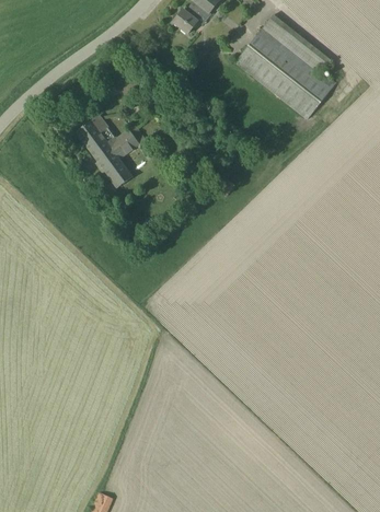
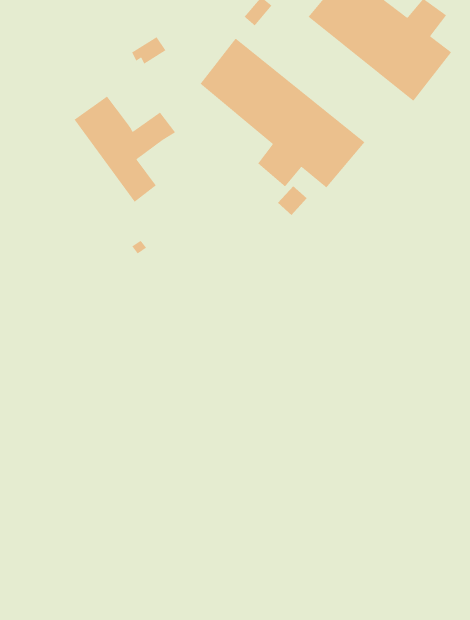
building: none -> [200,37,366,189]

